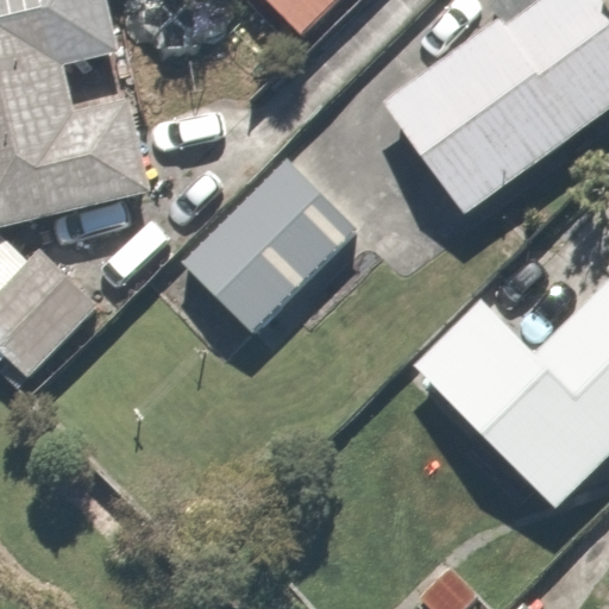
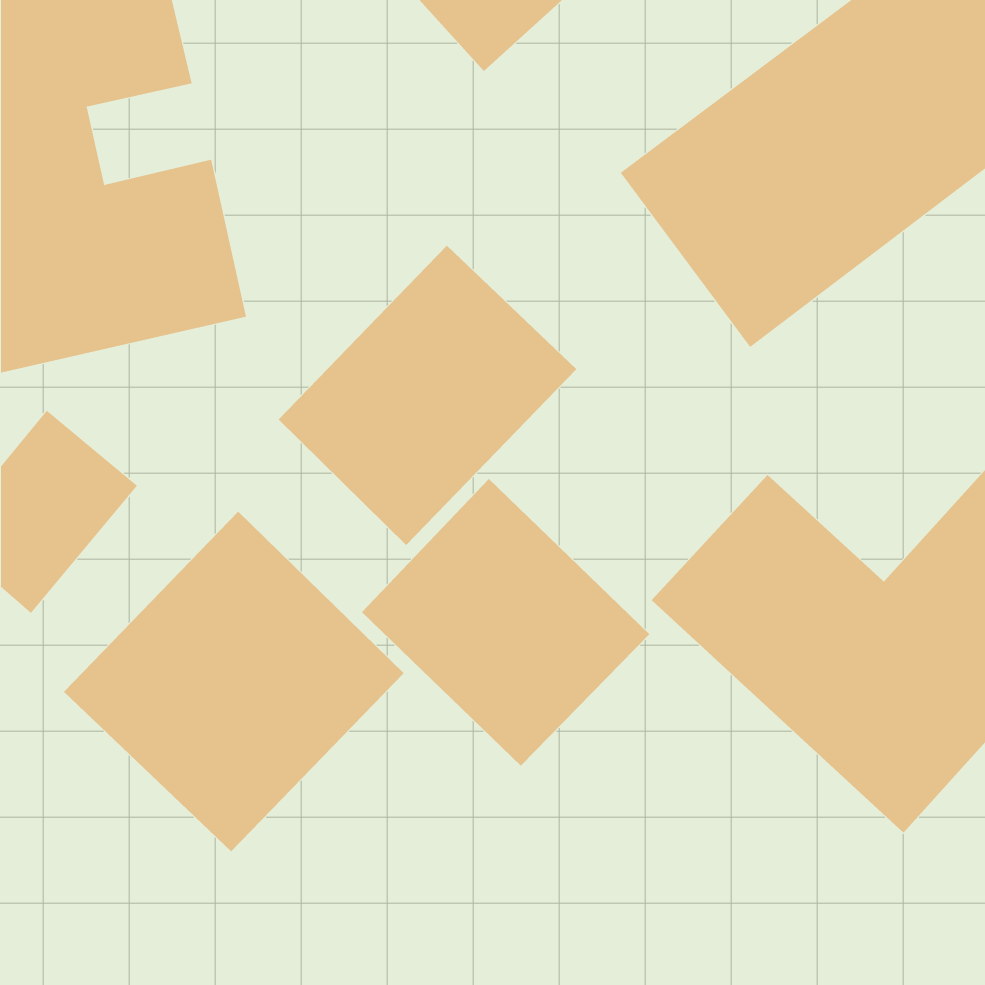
building: none -> [361,478,650,767]
building: none -> [63,511,404,852]

